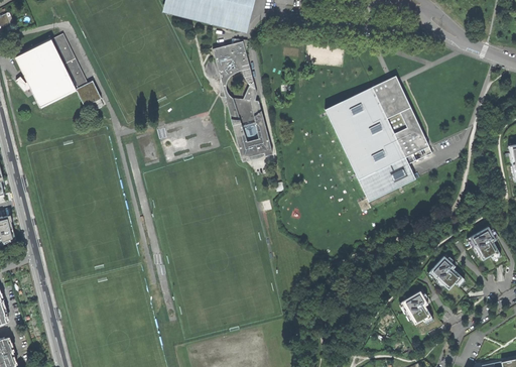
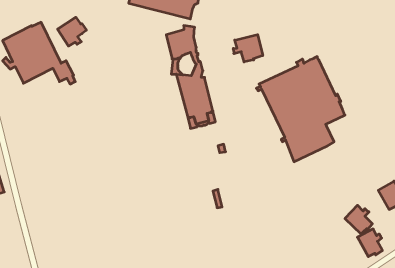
building: none -> [58,17,86,46]
building: none -> [233,35,263,62]
building: [401,290,431,324] -> [357,229,382,257]

